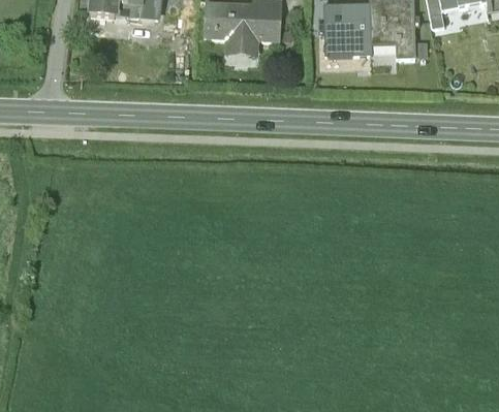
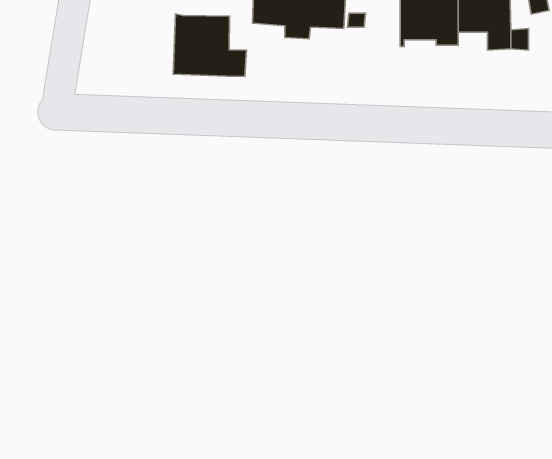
building: none -> [173,14,247,76]

